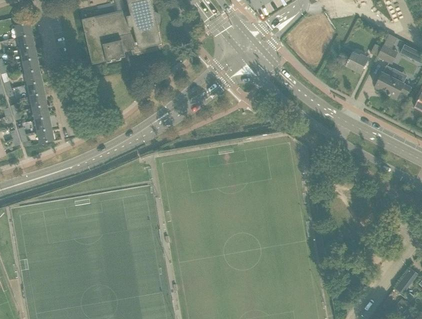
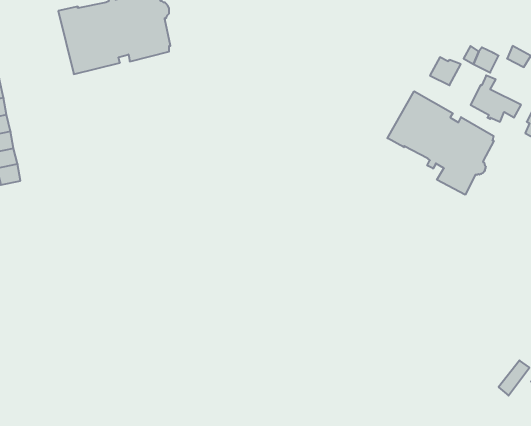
building: none -> [387,91,494,195]

